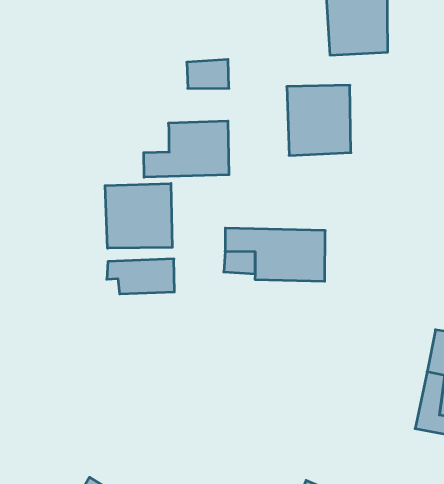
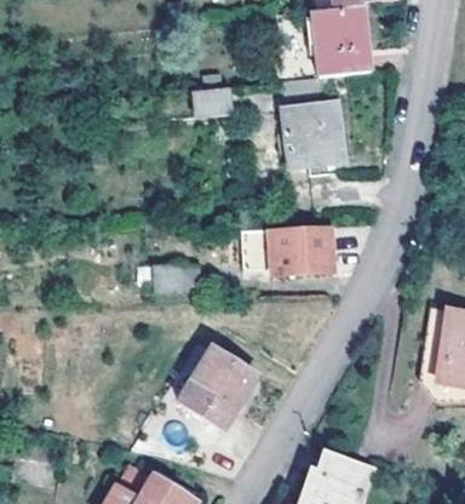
building: [144,121,229,177] -> none
building: [105,183,172,248] -> none
building: none -> [176,356,253,434]

